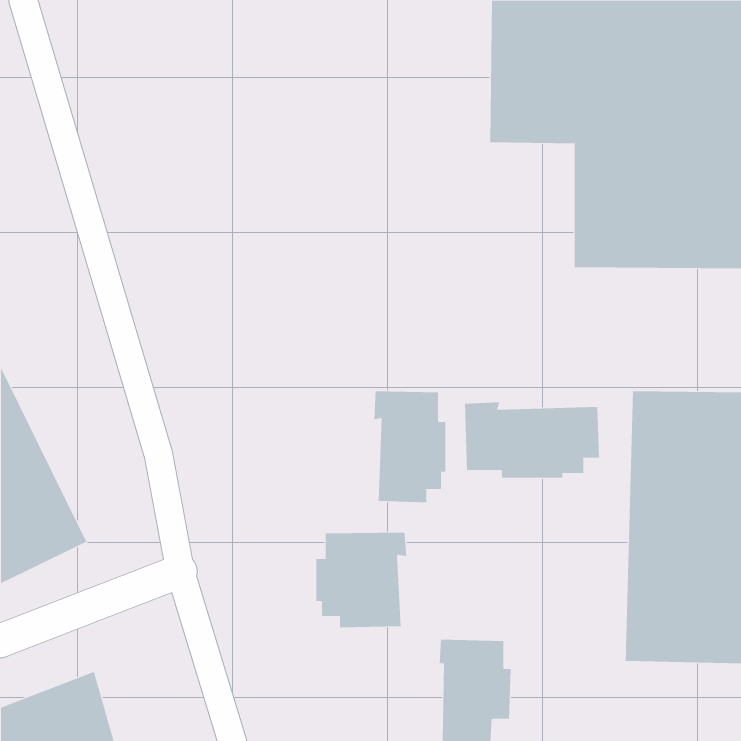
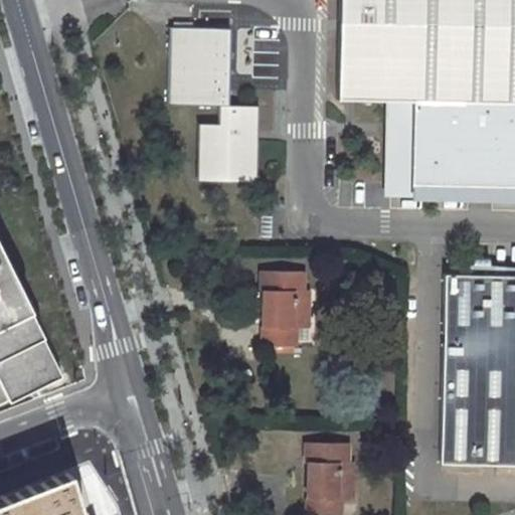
building: none -> [168,26,265,179]
building: [465,402,600,479] -> none
building: [316,532,407,628] -> none

